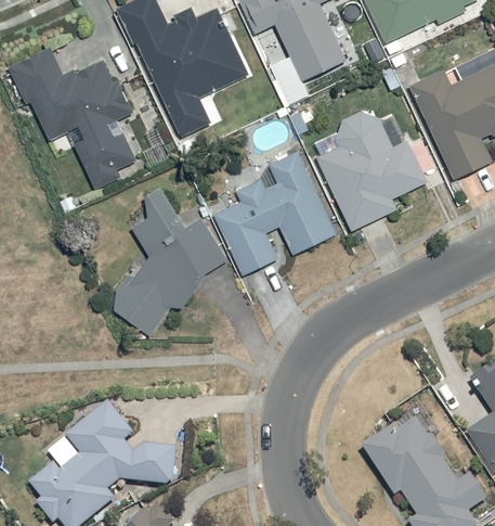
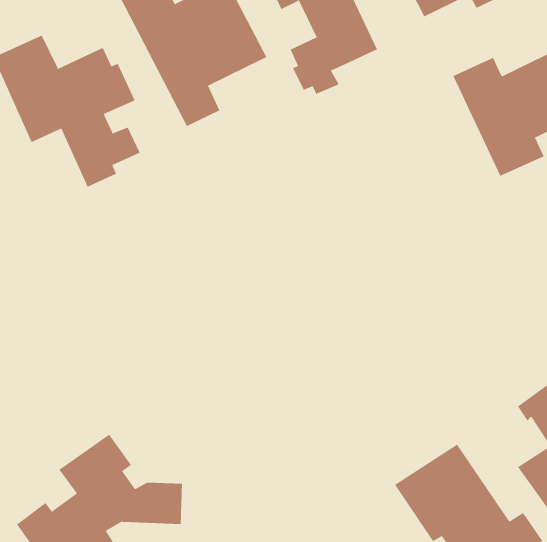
building: [318,111,429,229] -> none
building: [214,150,338,275] -> none
building: [116,189,227,334] -> none

